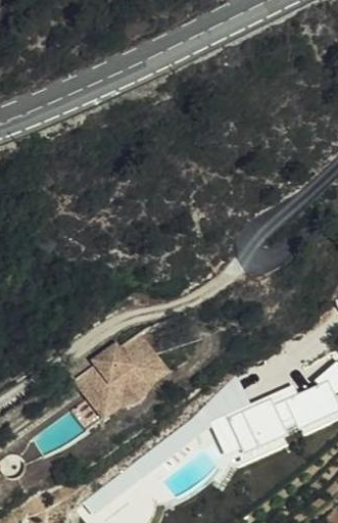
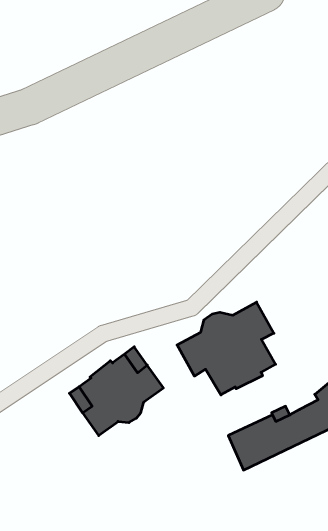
building: none -> [177,302,276,395]

